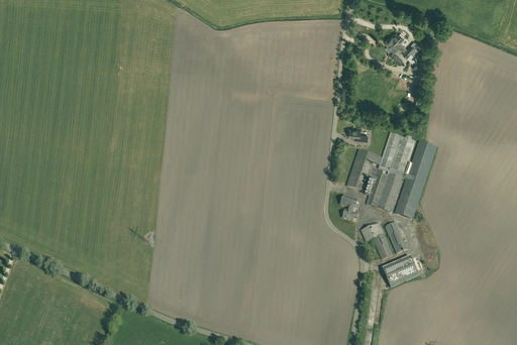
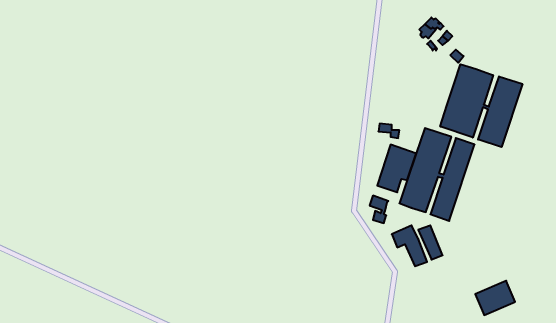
building: none -> [440,64,522,147]
building: [383,255,419,286] -> [475,281,515,315]

